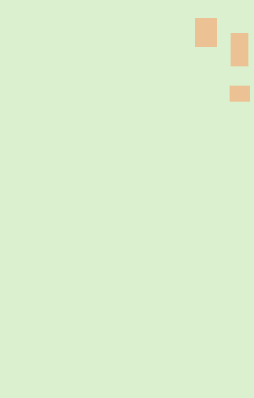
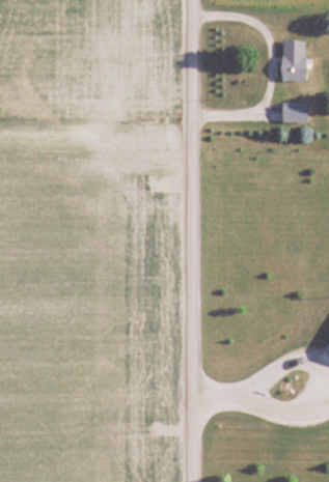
building: [195,17,217,48] -> none

